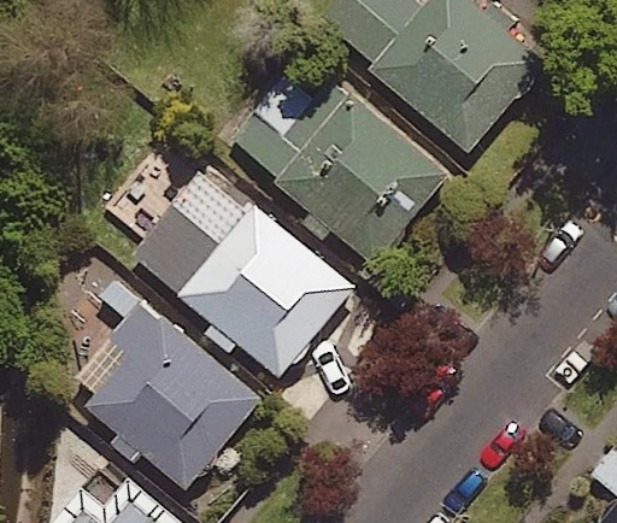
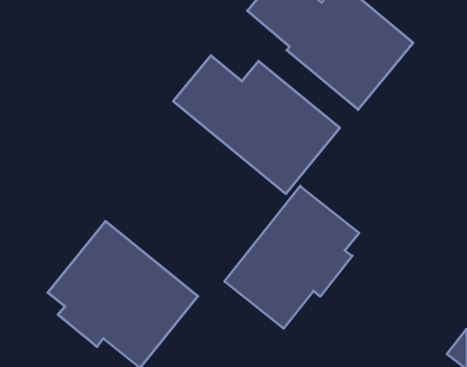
building: [130,166,353,376] -> none
building: none -> [225,186,359,328]

